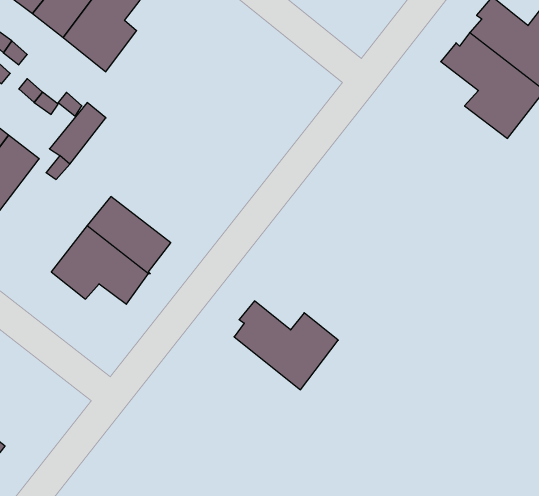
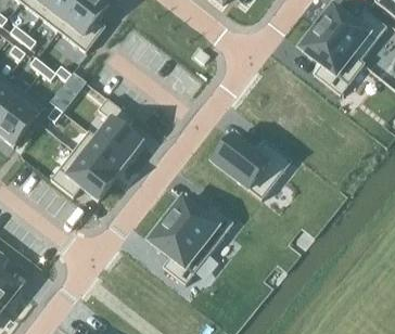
building: none -> [88,98,141,159]
building: none -> [212,134,291,197]
building: none -> [146,219,208,283]

